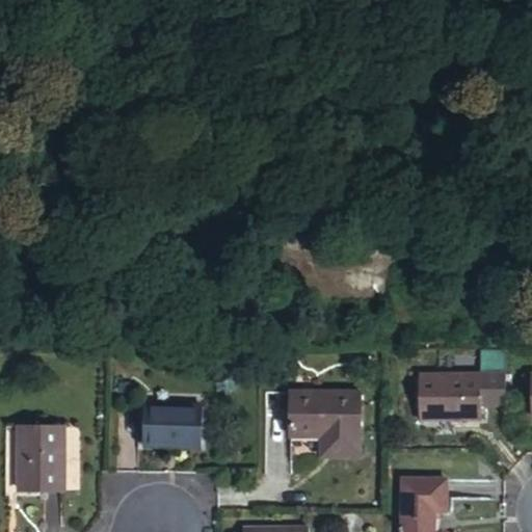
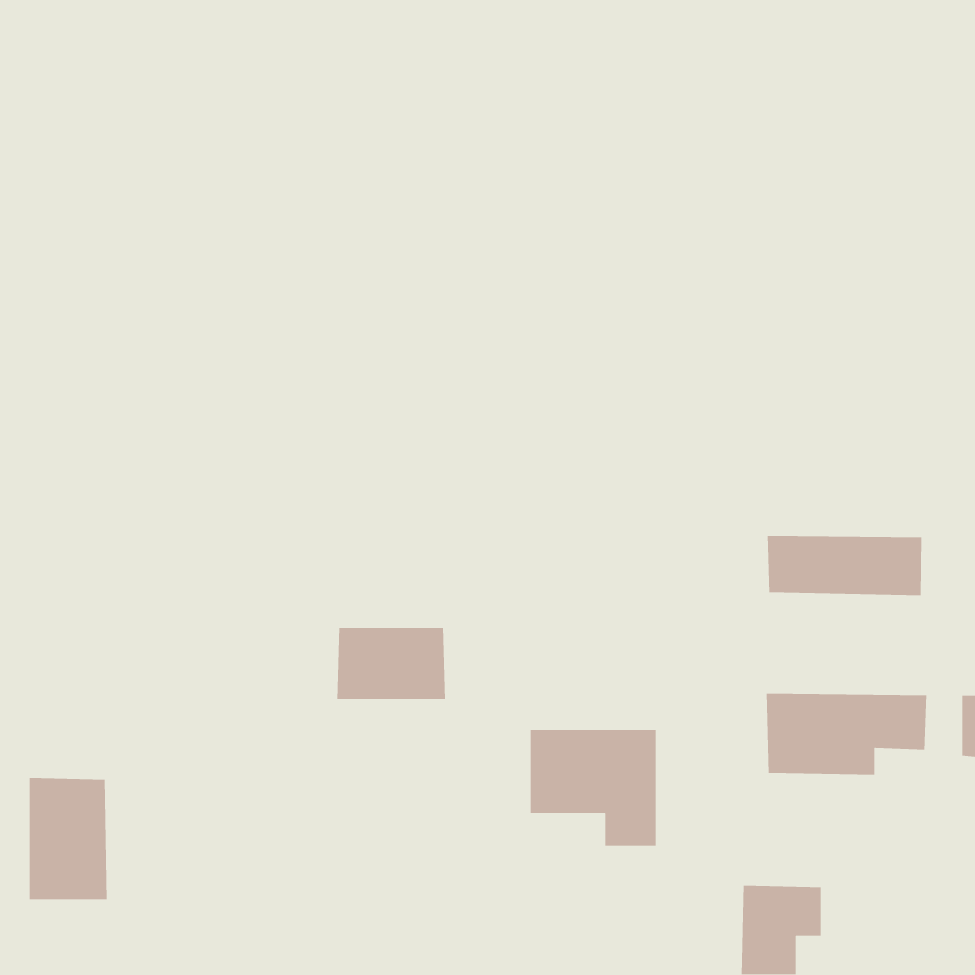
building: none -> [767,535,922,596]
building: [142,400,202,440] -> [336,627,446,700]

